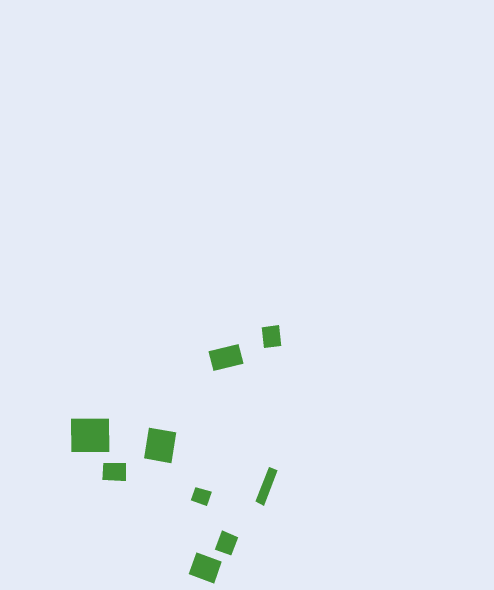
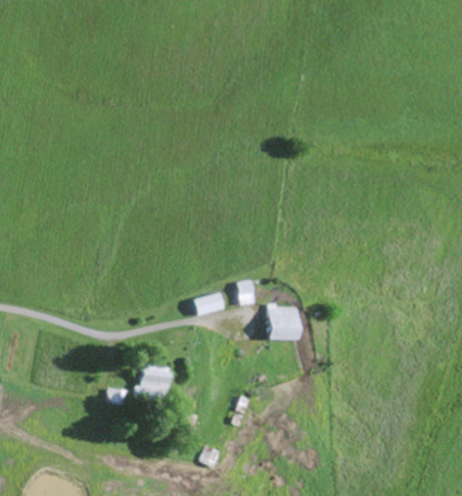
building: none -> [268,303,297,339]
building: [70,418,110,453] -> none
building: [188,551,223,584] -> none

